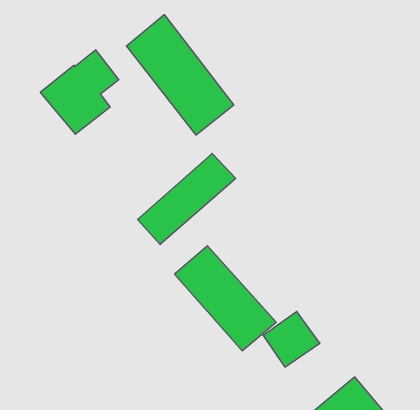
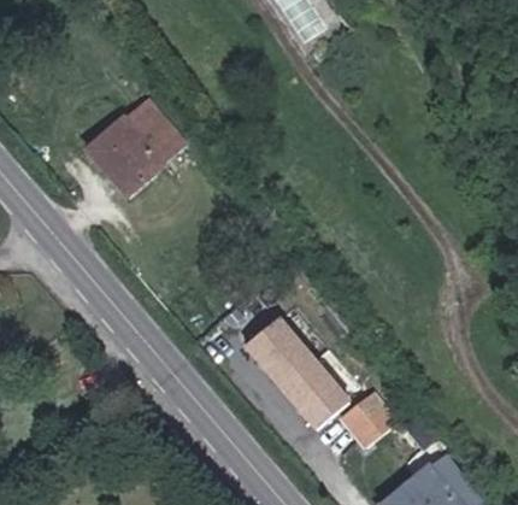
building: [126,15,234,135] -> none
building: [138,153,236,245] -> none

